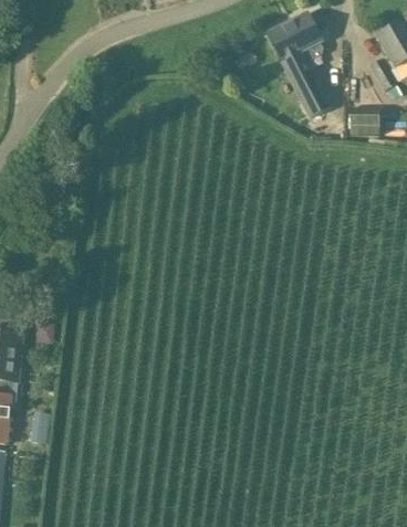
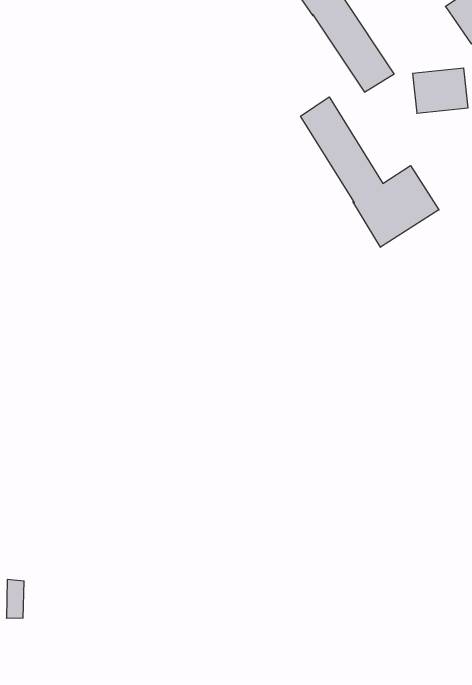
building: none -> [301,97,439,247]

